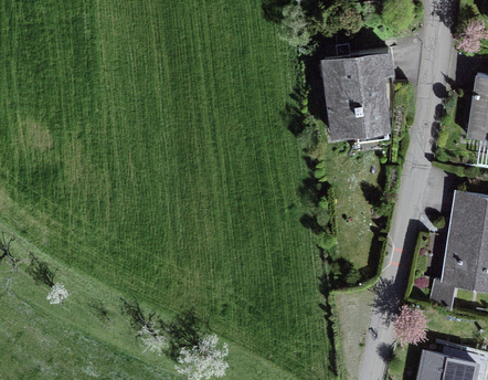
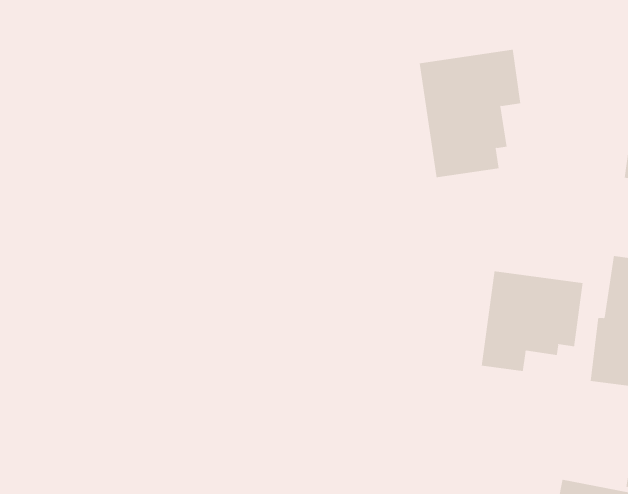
building: none -> [481,270,583,372]

